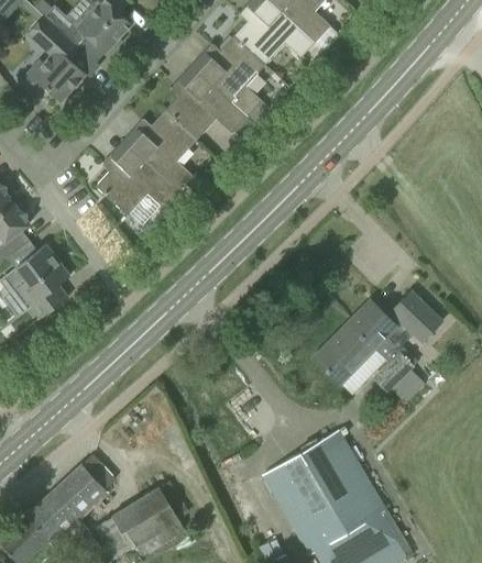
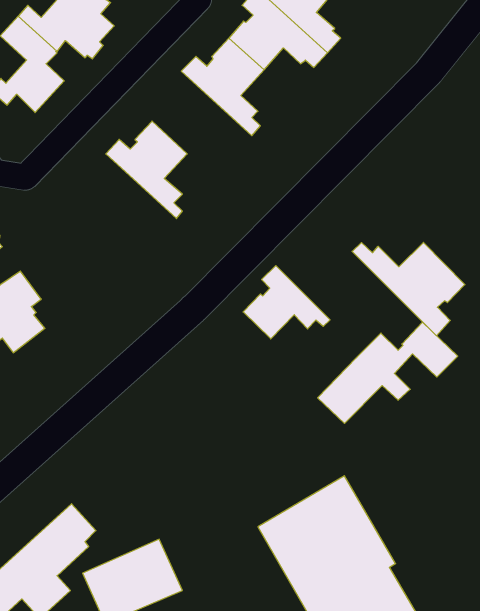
building: [165,65,255,140] -> none
building: [96,140,187,218] -> none
building: none -> [352,242,465,336]
building: none -> [243,266,330,339]
building: [371,352,414,394] -> none

